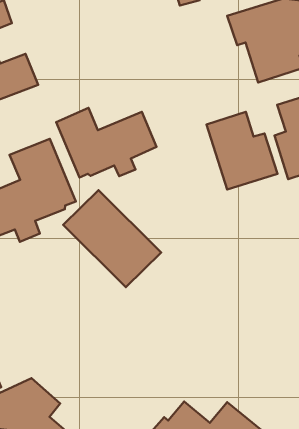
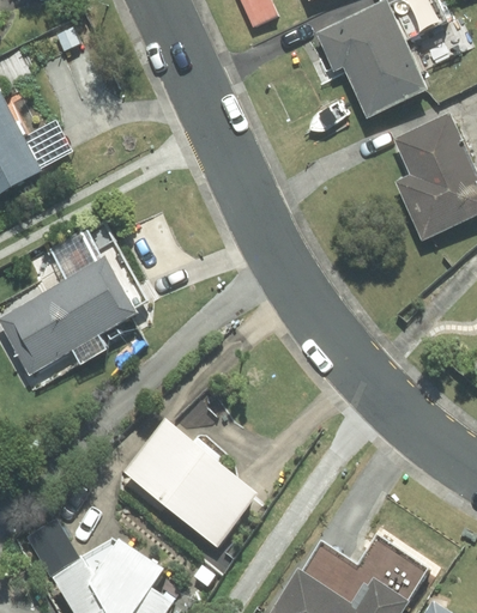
building: [56,108,157,178] -> none
building: [206,112,277,190] -> none
building: [63,190,161,287] -> [122,420,255,544]

